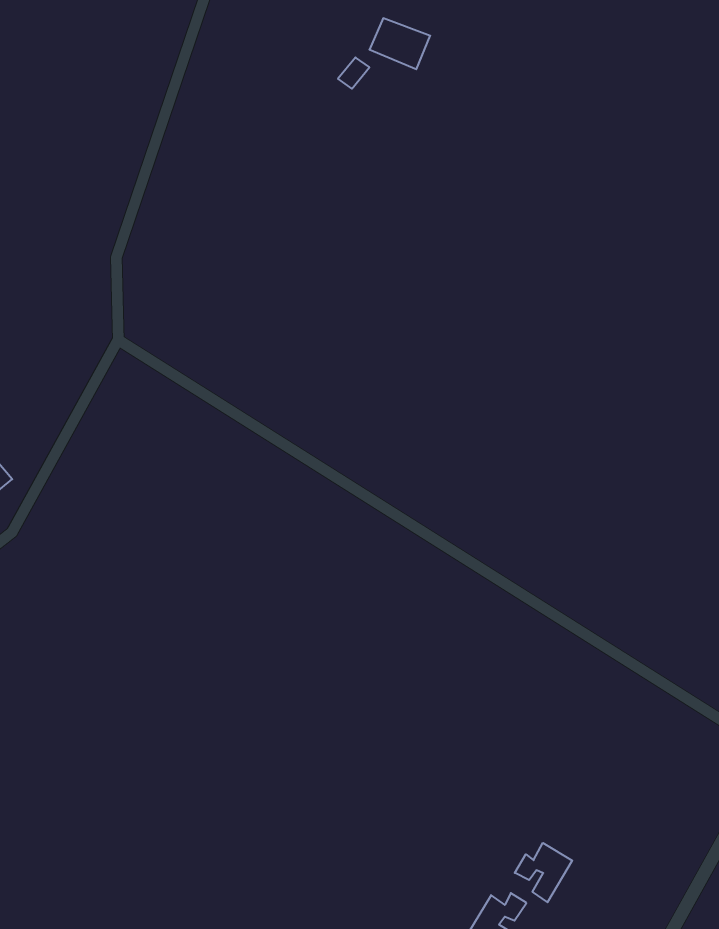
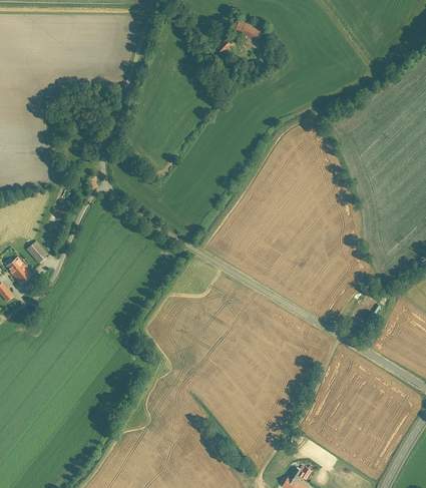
building: [515,843,572,902] -> none

